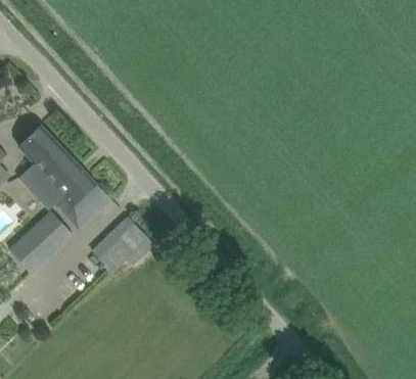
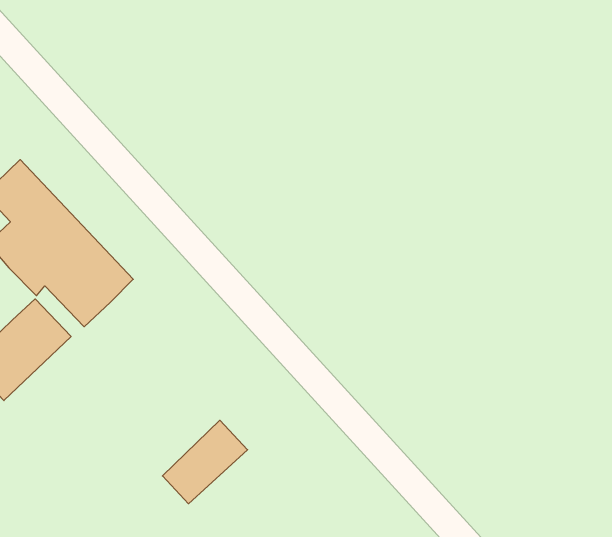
building: [95,220,148,272] -> [162,420,248,504]

